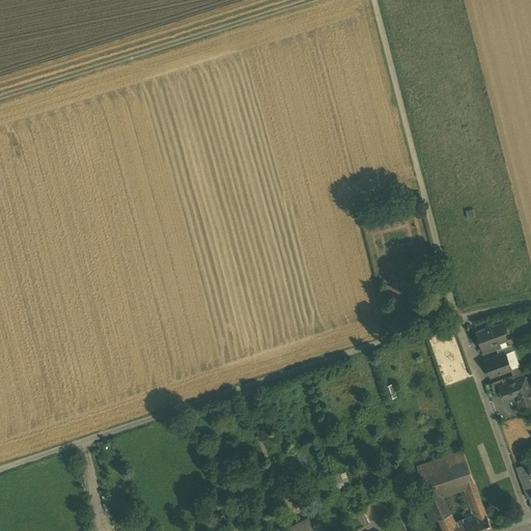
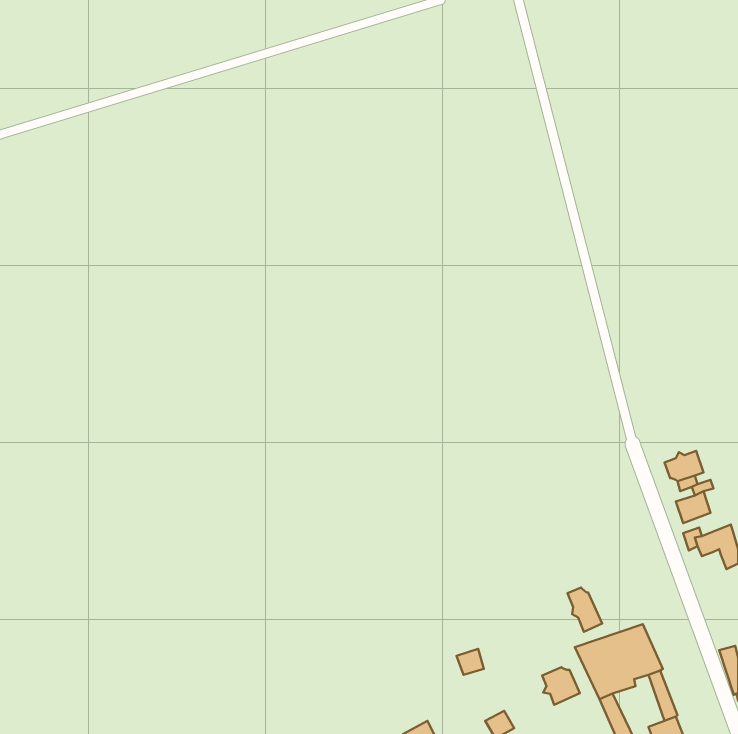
building: none -> [567,587,602,632]
building: none -> [542,667,580,705]

